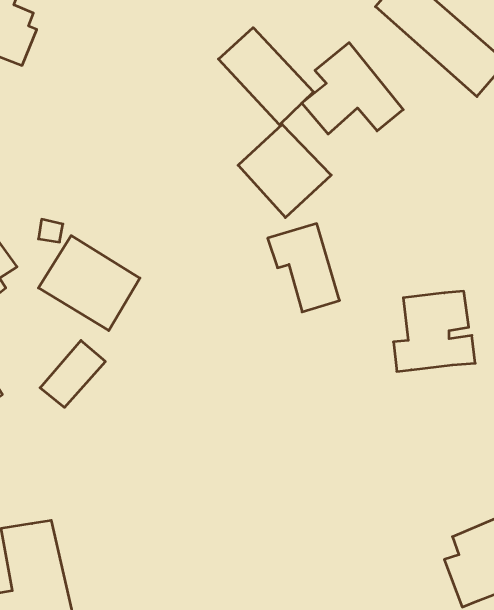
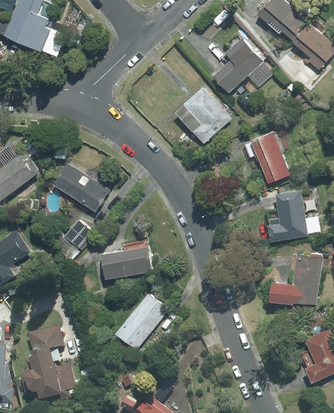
building: [218,28,313,125] -> none
building: [268,224,340,312] -> [244,129,288,183]
building: none -> [102,241,149,277]
building: none -> [271,253,320,303]
building: none -> [114,290,170,350]

